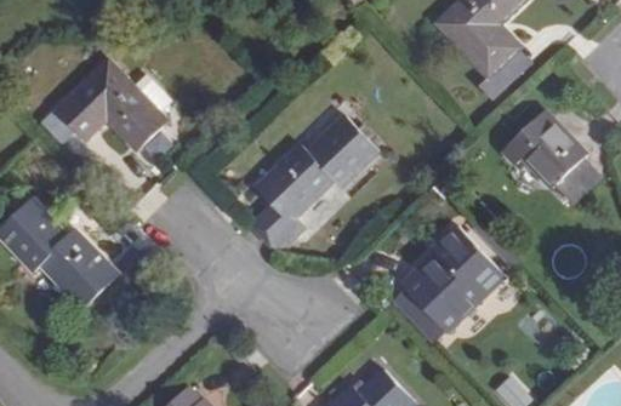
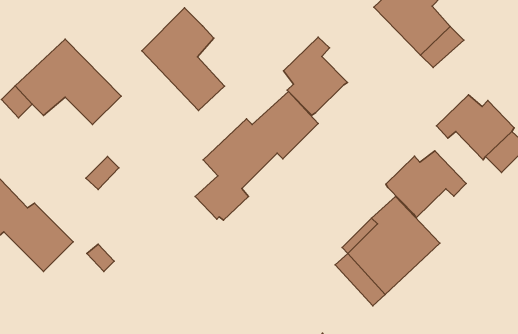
building: none -> [142,8,225,110]
building: none -> [284,37,347,115]
building: none -> [386,151,466,218]

